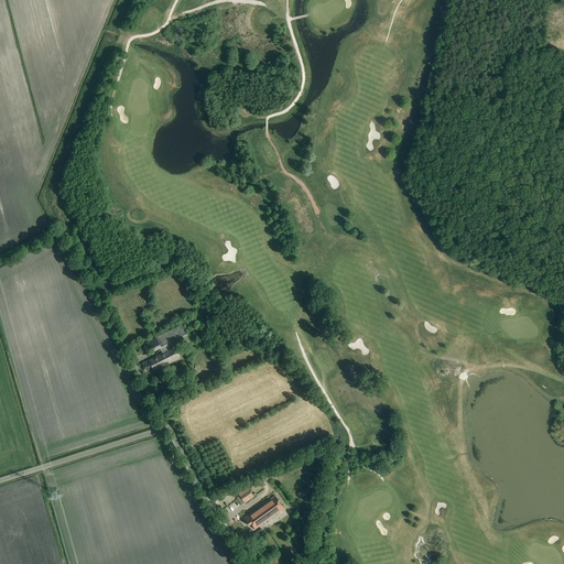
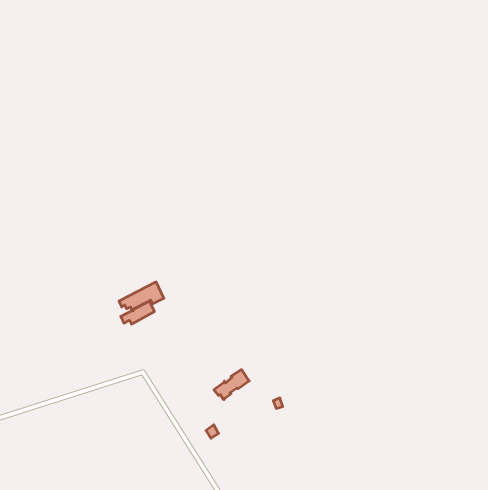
building: [241,496,282,530] -> [214,370,249,399]

